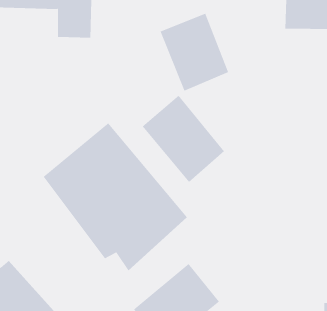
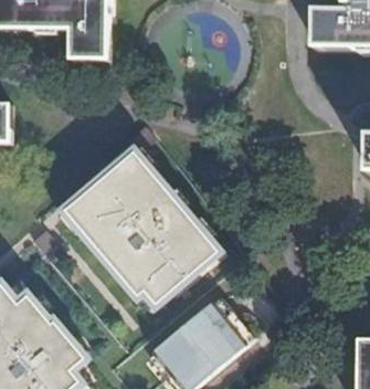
building: [160,13,229,92] -> none
building: [142,95,225,183] -> none

